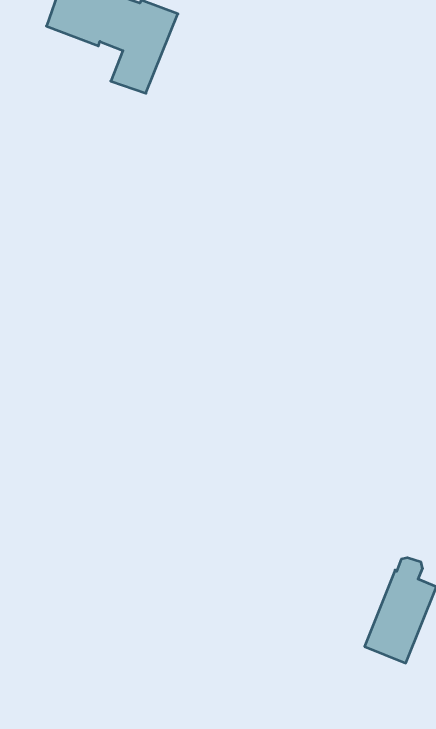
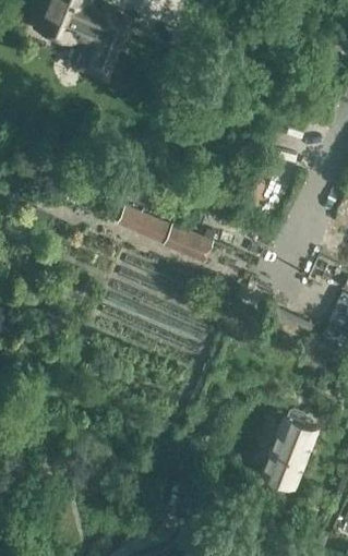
building: none -> [117,205,212,262]

